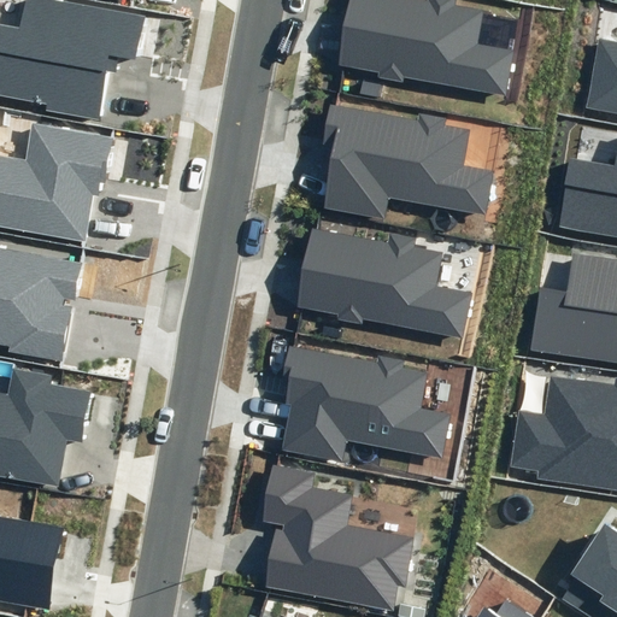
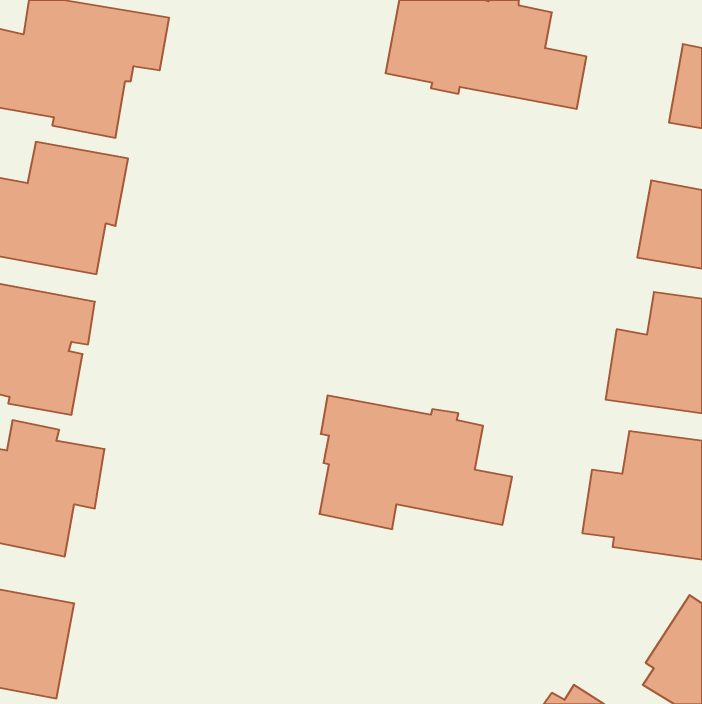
building: [323,105,493,218] -> none
building: [298,229,469,337] -> none
building: [262,464,416,610] -> none

